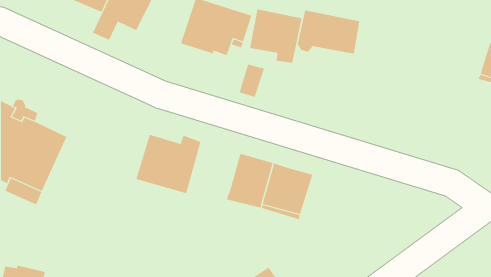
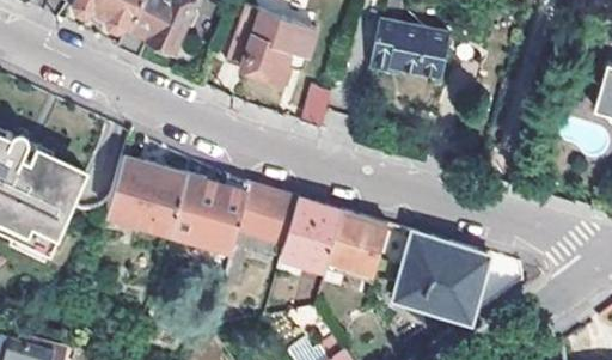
building: [250,9,302,63] -> none
building: none -> [106,159,185,233]
building: none -> [222,187,298,285]
building: none -> [393,233,488,319]

